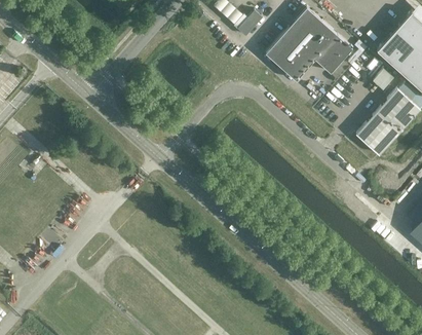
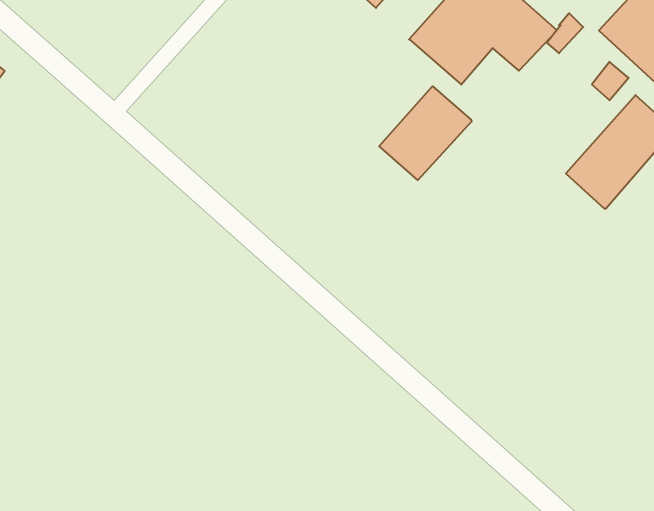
building: none -> [379,86,472,180]

